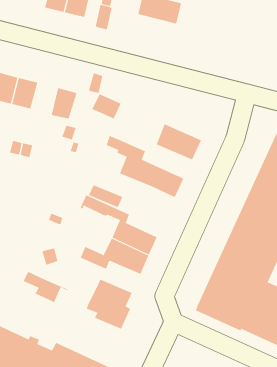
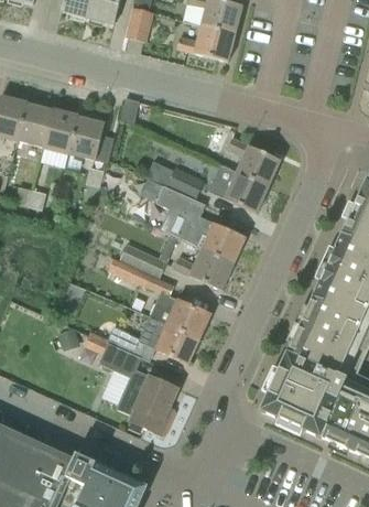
building: none -> [176,19,236,61]
building: none -> [43,109,78,152]
building: [92,93,122,119] -> [165,165,205,199]
building: none -> [227,137,280,185]
building: none -> [173,247,234,289]
building: [23,271,69,303] -> [83,332,143,374]

